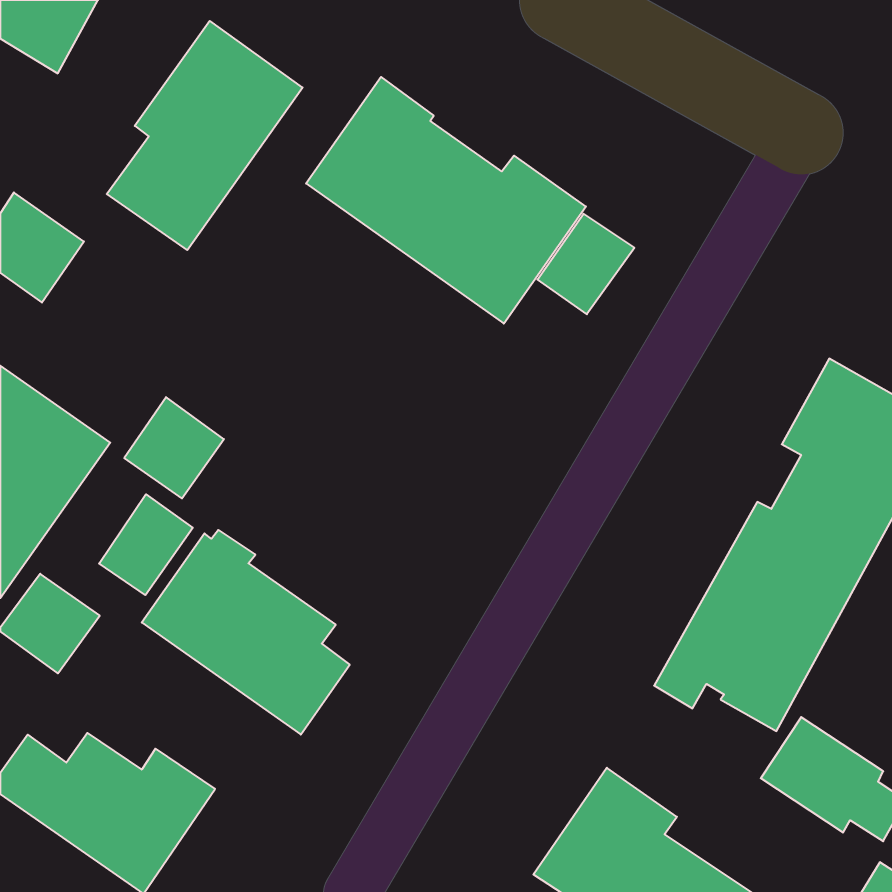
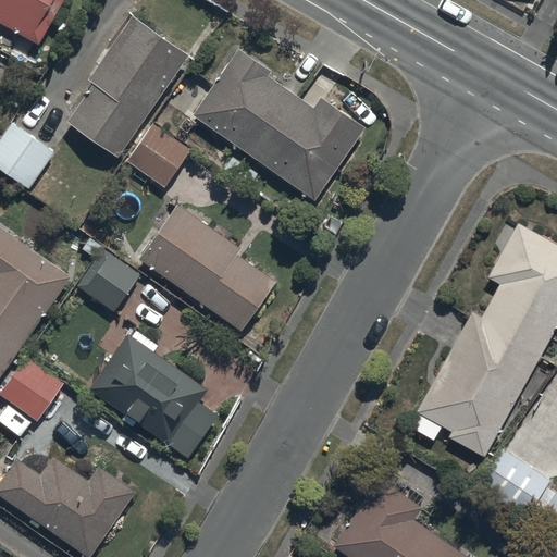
building: none -> [126,123,191,188]
building: [537,214,634,314] -> none
building: none -> [139,205,277,332]
building: [99,494,193,595] -> none

